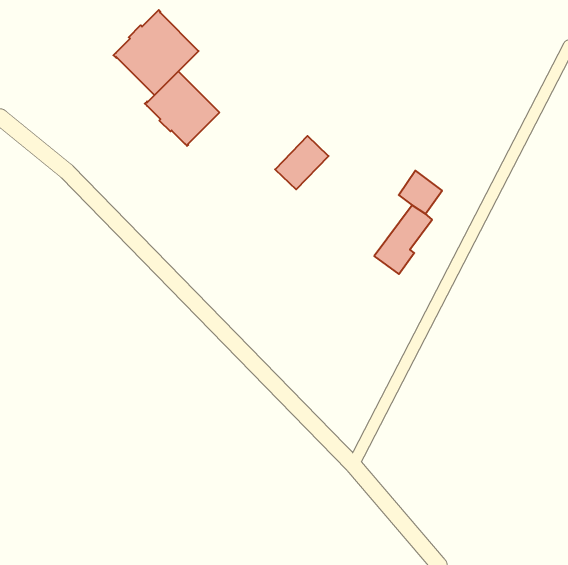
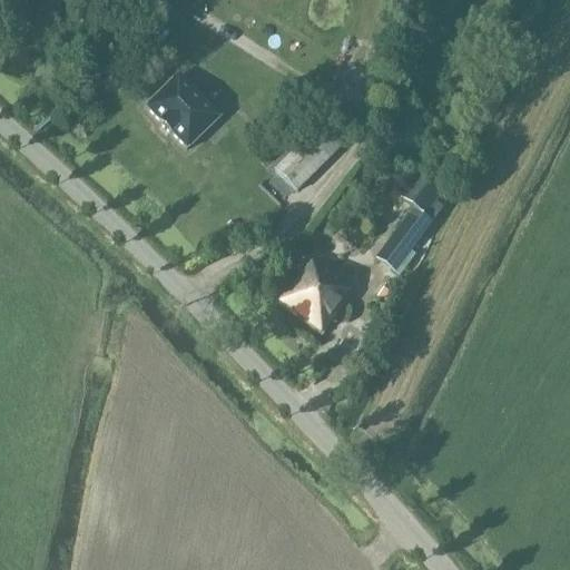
building: [113,10,199,95] -> none
building: none -> [275,252,354,333]

